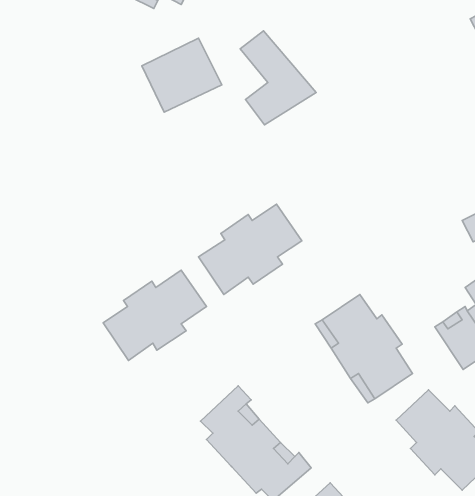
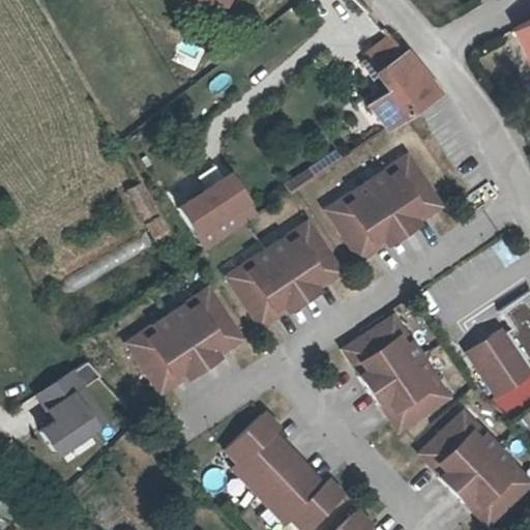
building: [240,31,316,125] -> [353,34,431,130]
building: [142,38,222,112] -> [181,172,263,247]
building: none -> [331,157,437,249]
building: none -> [38,360,114,458]

